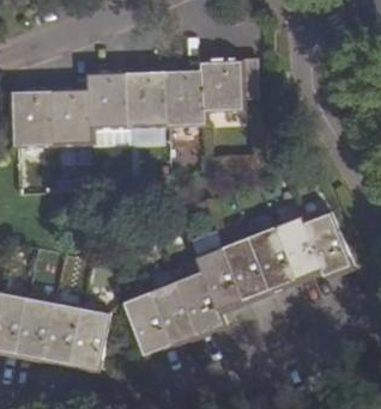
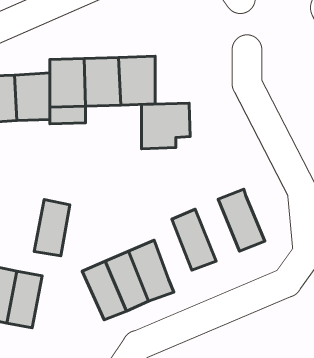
building: [201,62,254,111] -> [142,103,190,149]
building: [300,212,346,277] -> none
building: [244,226,292,293] -> none
building: [195,248,241,312] -> none
building: [68,309,107,370] -> [34,199,70,256]

